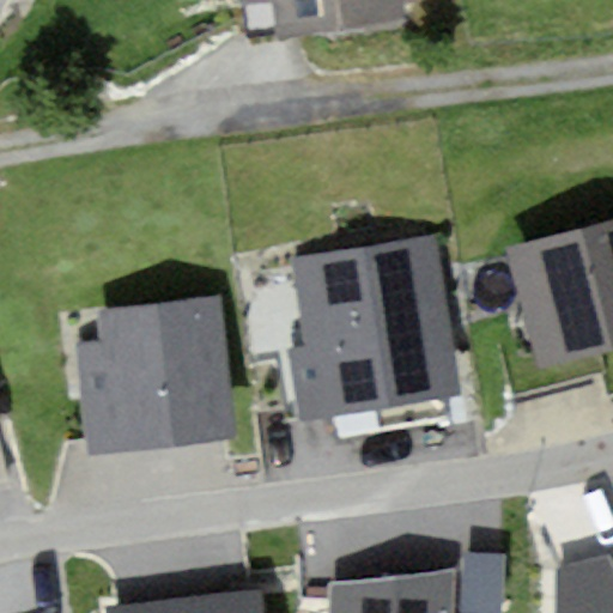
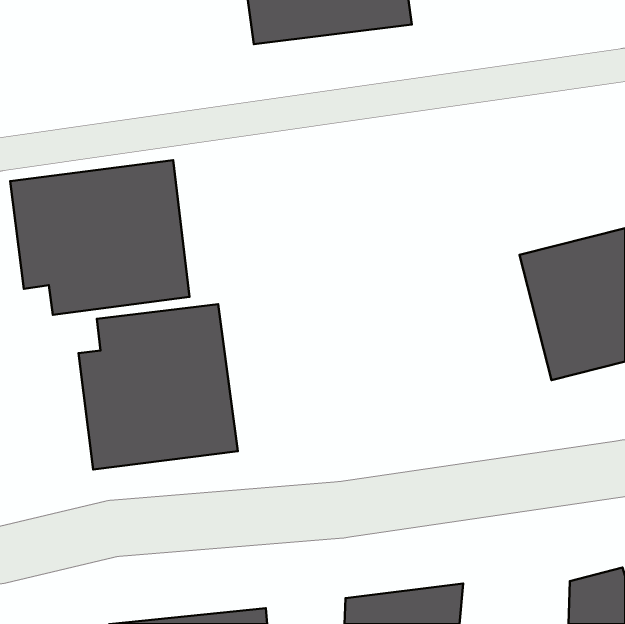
building: none -> [10,160,189,315]
building: [304,231,472,409] -> none

